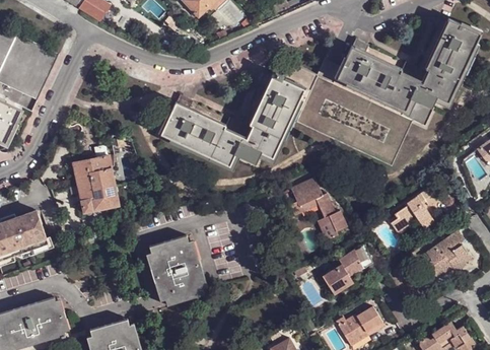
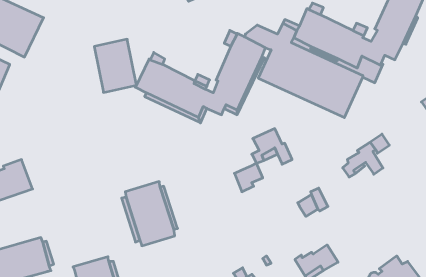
building: [73,156,120,215] -> [94,39,136,92]
building: [316,210,347,241] -> [234,163,263,192]
building: [426,231,471,280] -> none
building: [324,265,350,294] -> none

